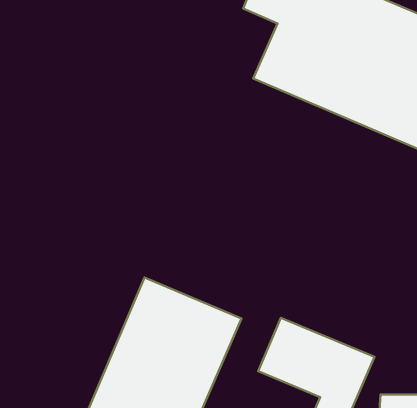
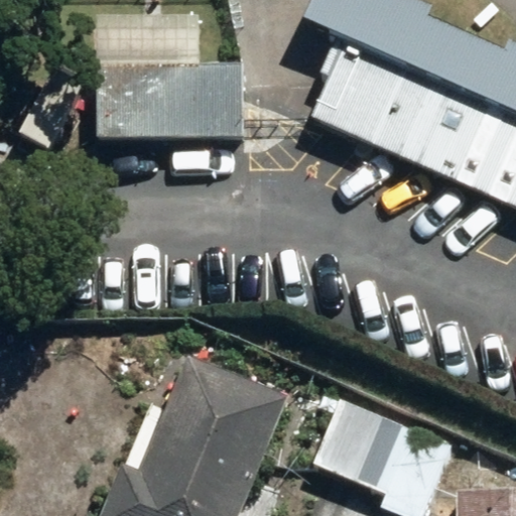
building: none -> [107,71,247,147]

